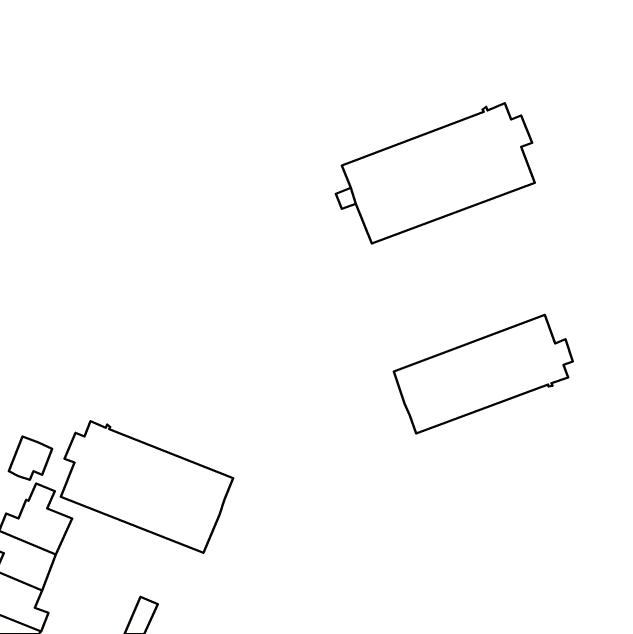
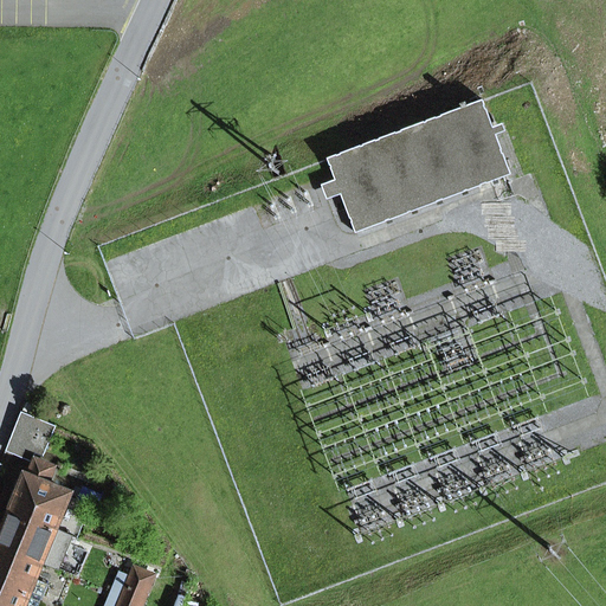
building: [394,315,573,433] -> none
building: [61,421,233,553] -> none

